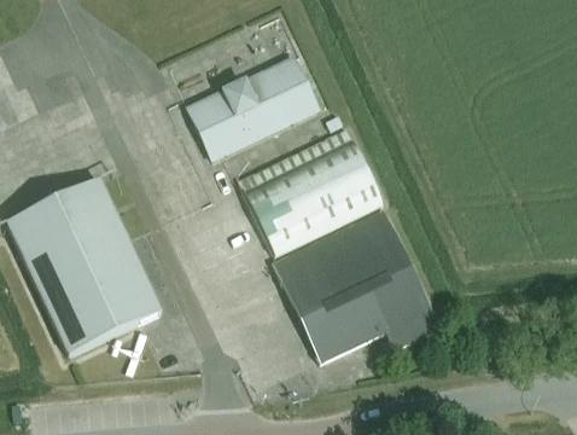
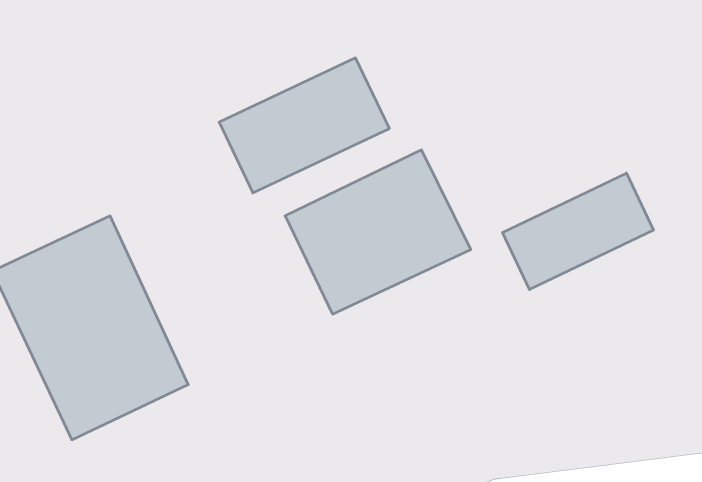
building: none -> [503,173,653,290]
building: [274,213,439,364] -> none

